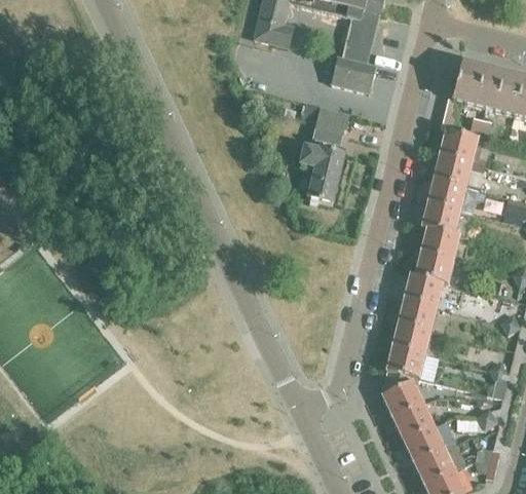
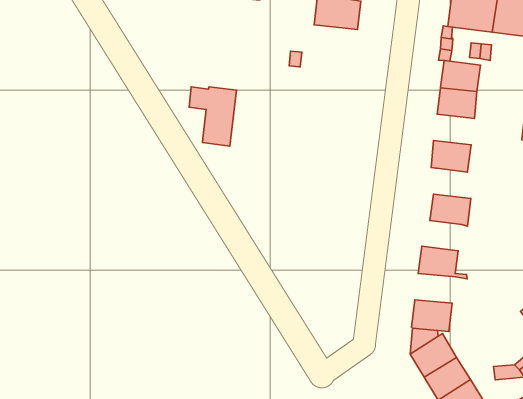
building: [311,105,350,145] -> none
building: [300,144,345,202] -> [189,87,236,146]
building: [427,178,479,213] -> none
building: [421,227,460,259] -> none
building: [405,272,444,305] -> none
building: [392,321,433,352] -> none

